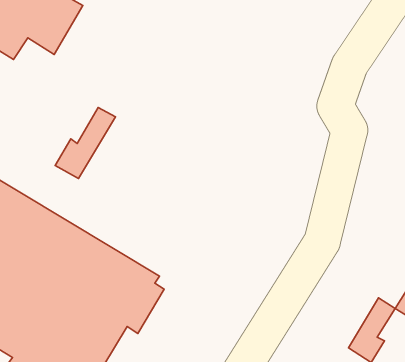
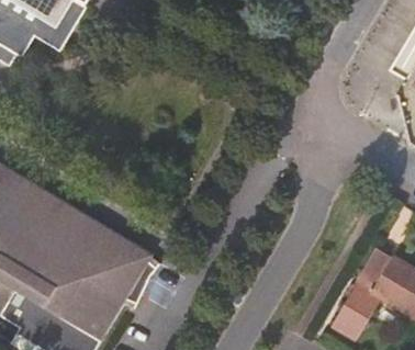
building: [55,107,116,179] -> none

